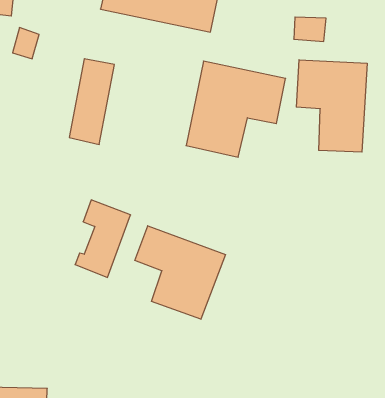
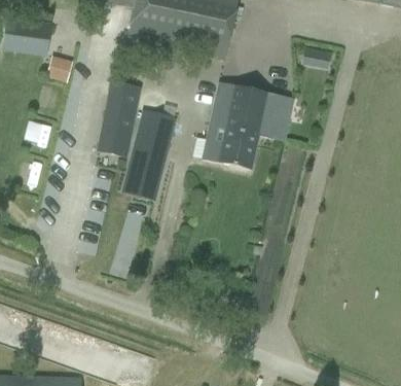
building: [296,60,367,152] -> none
building: none -> [121,110,176,200]
building: [135,226,225,319] -> none

